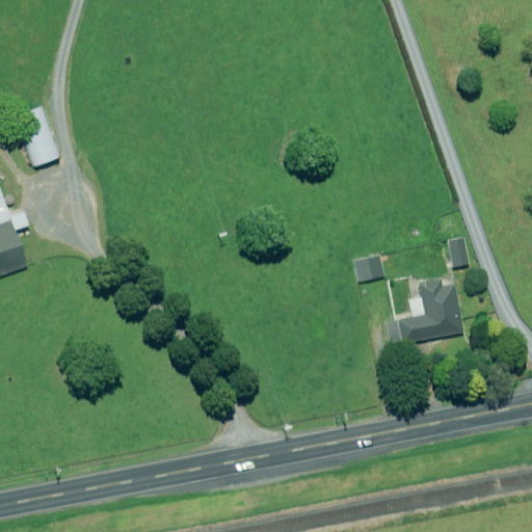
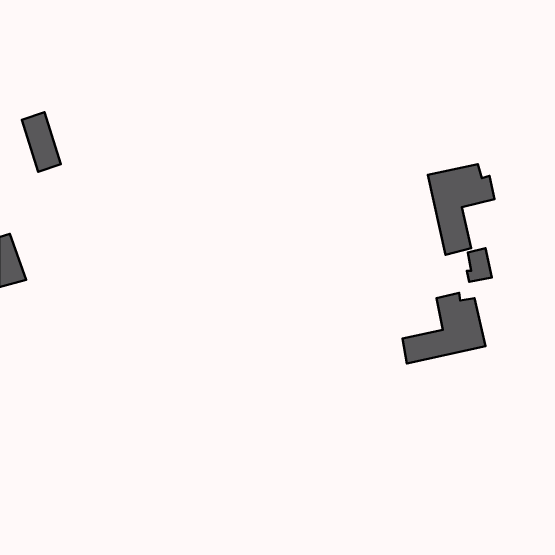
building: none -> [428,164,495,255]
building: [354,256,383,282] -> none

